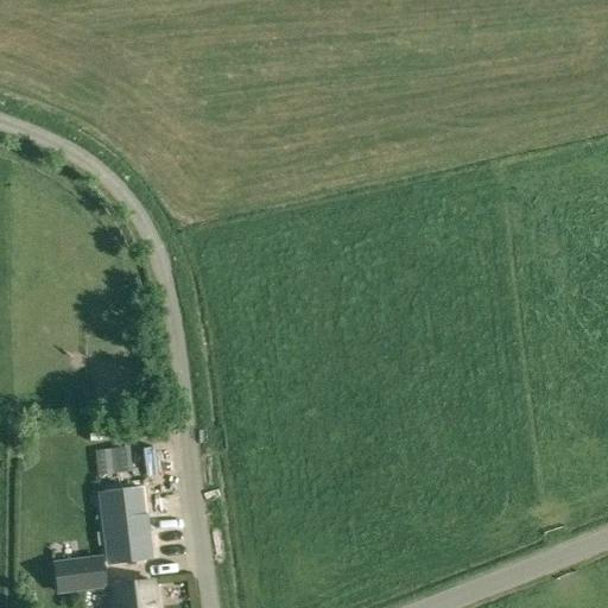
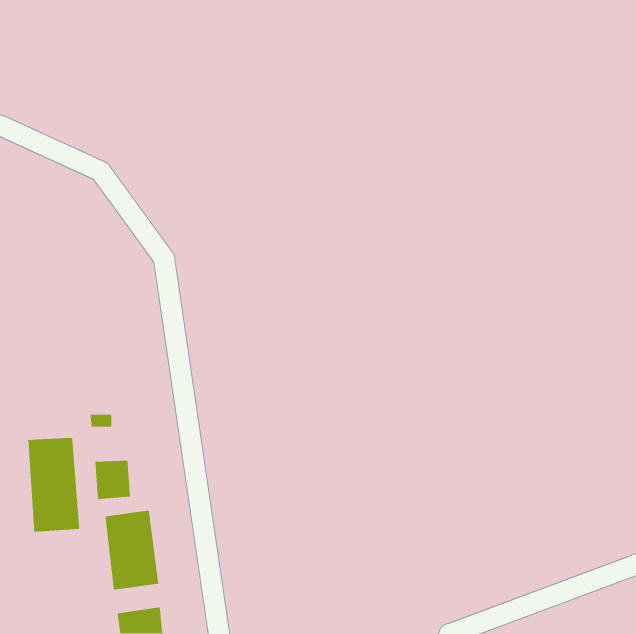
building: none -> [27,437,80,532]
building: [56,557,103,590] -> none

